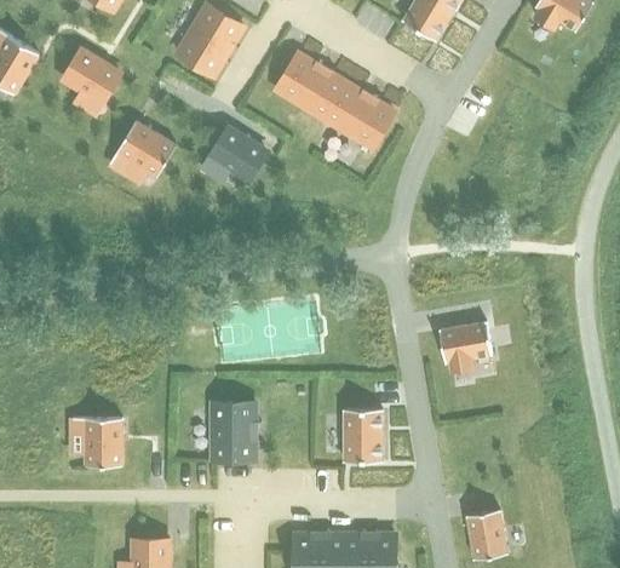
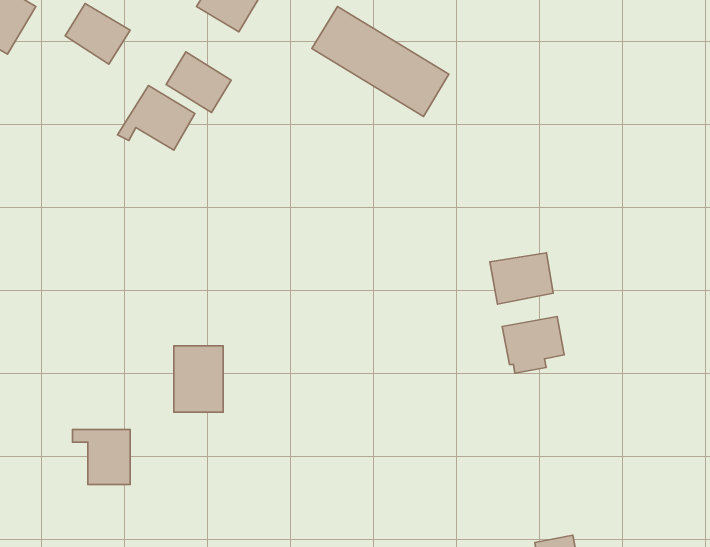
building: [208,128,264,180] -> [166,52,231,113]
building: none -> [490,253,553,304]
building: [212,401,254,458] -> [174,346,223,412]
building: [344,407,383,460] -> none

